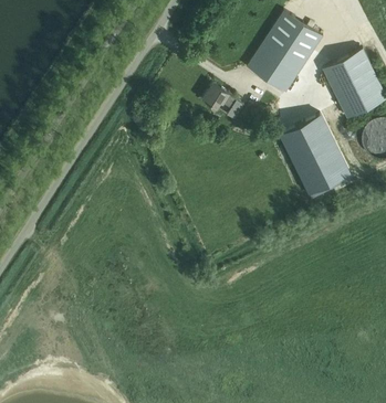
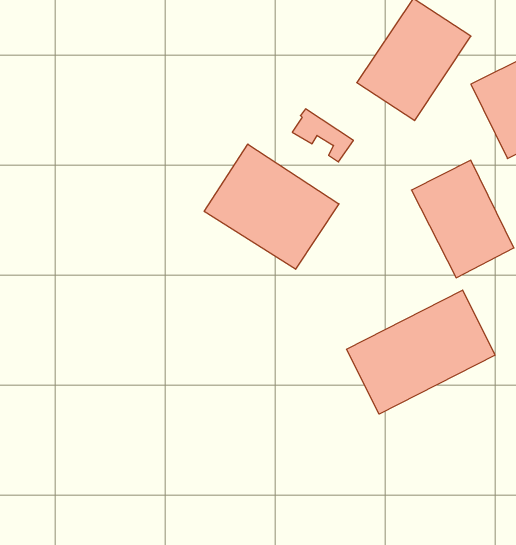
building: none -> [204,144,339,269]
building: none -> [347,290,495,414]

